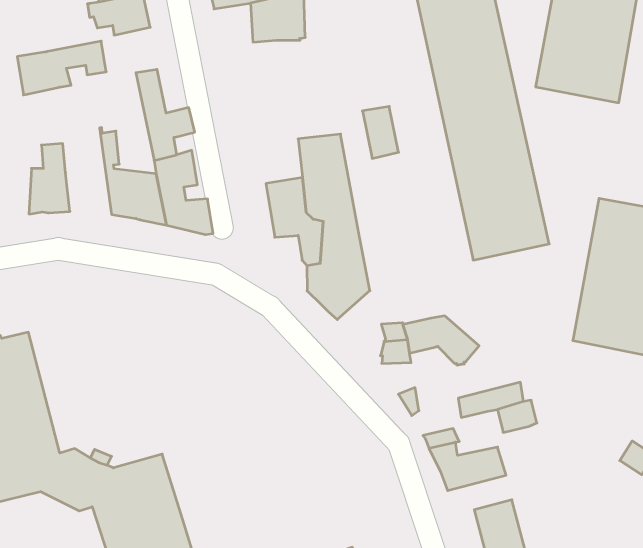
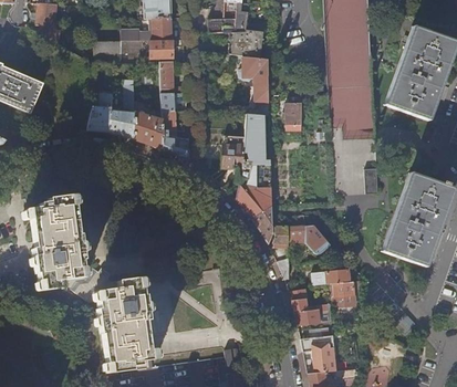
building: none -> [150,39,185,59]
building: none -> [225,55,270,114]
building: none -> [111,84,135,138]
building: none -> [251,205,273,243]

